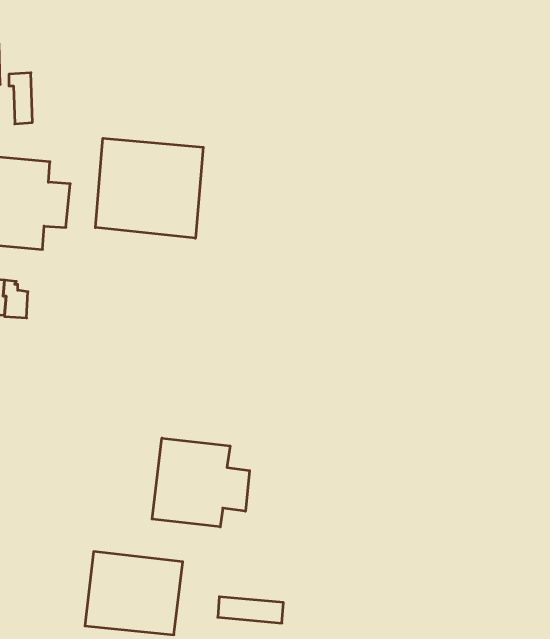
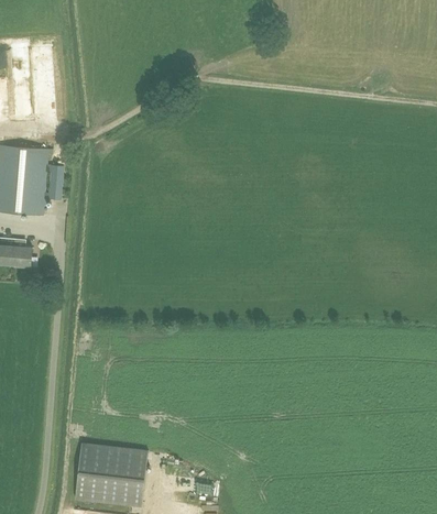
building: [95,138,203,238] -> none
building: [152,438,250,527] -> none

